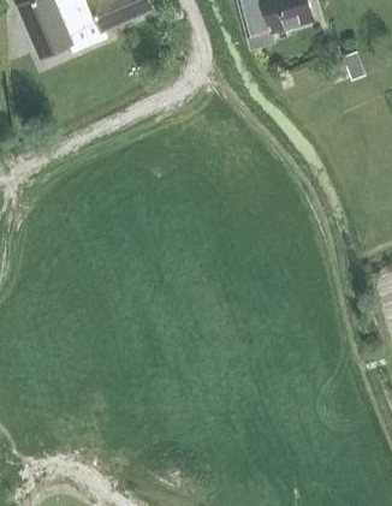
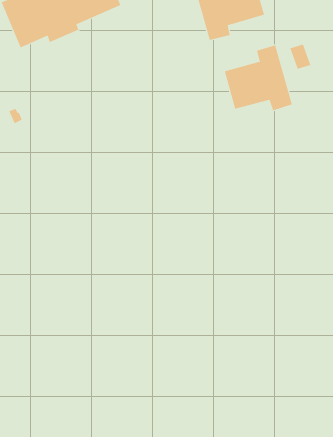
building: none -> [224,45,292,111]

